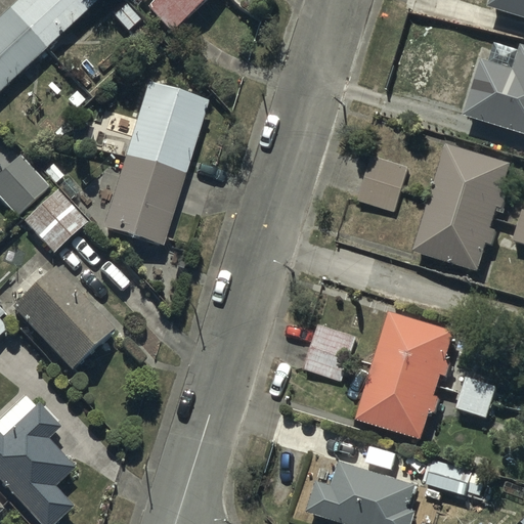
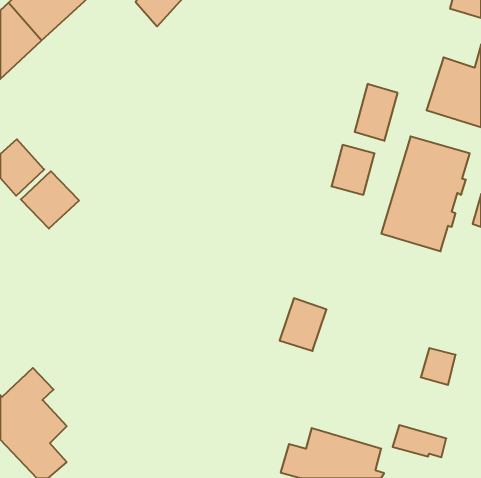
building: [101,80,206,243] -> none
building: none -> [355,84,397,141]
building: [12,264,114,366] -> none
building: [356,313,455,441] -> none

